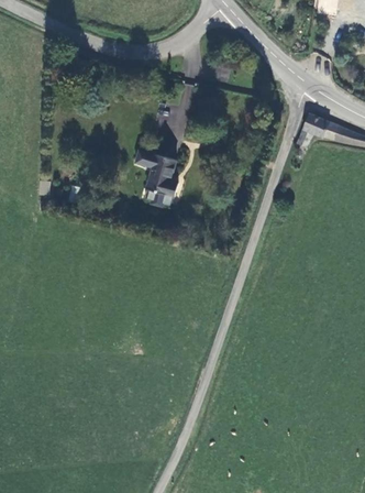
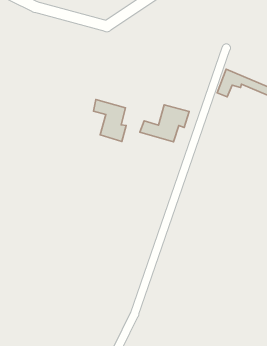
building: none -> [140,105,189,142]

